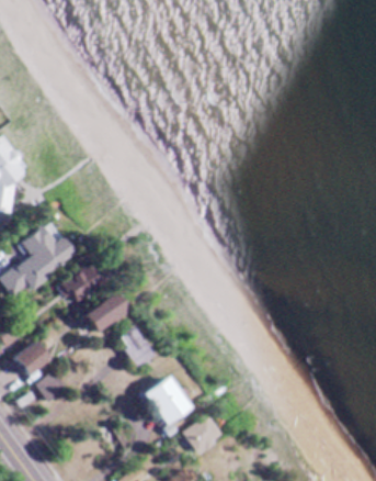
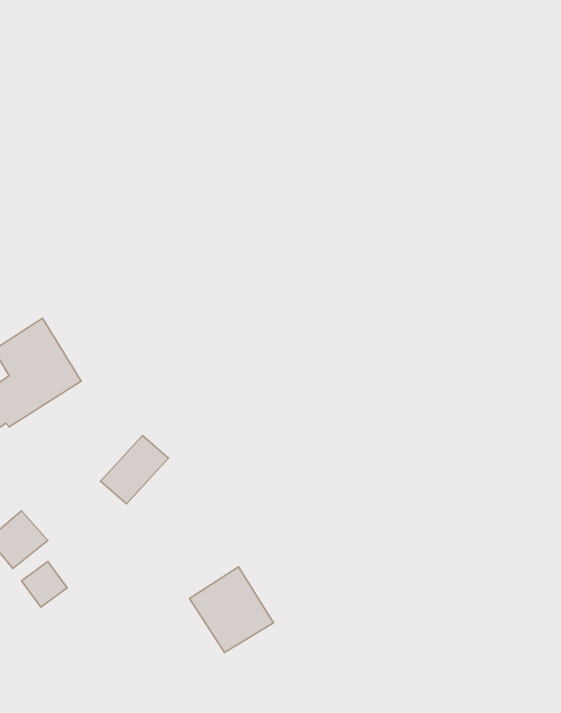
building: [56,257,110,305] -> none
building: [117,327,156,368] -> none
building: [183,416,221,454] -> none

